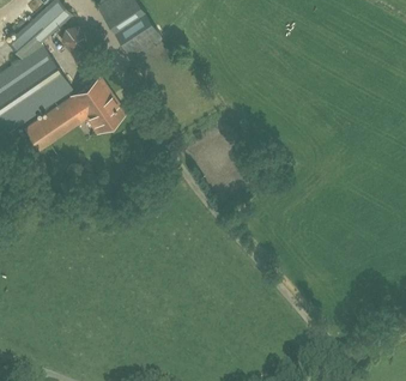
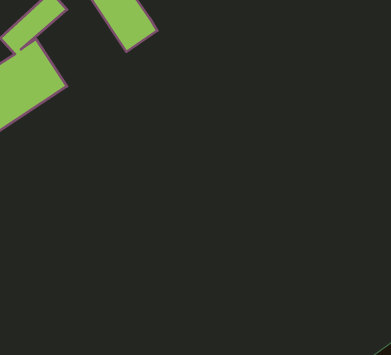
building: [60,24,87,53] -> none
building: [23,77,126,150] -> none

